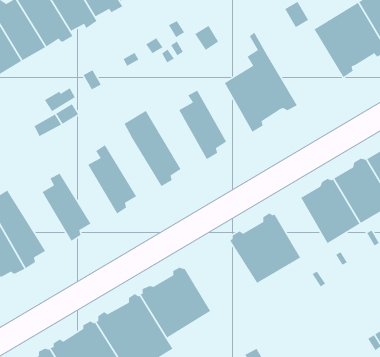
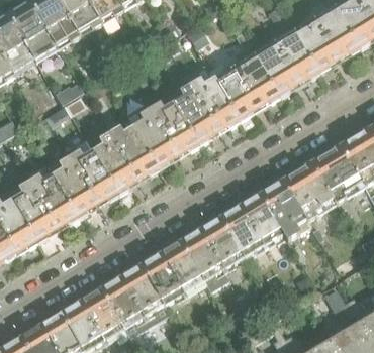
building: none -> [254,29,320,97]
building: none -> [186,66,240,129]
building: none -> [150,101,199,153]
building: none -> [109,125,159,178]
building: none -> [66,138,119,202]
building: none -> [22,170,79,226]
building: none -> [260,179,310,238]
building: none -> [180,216,244,279]

